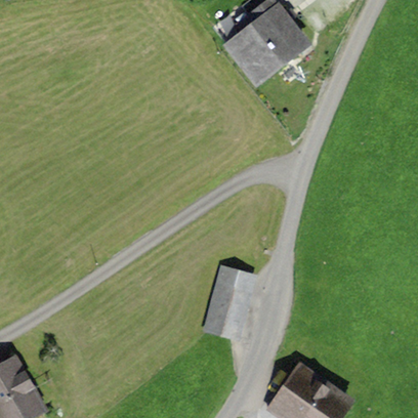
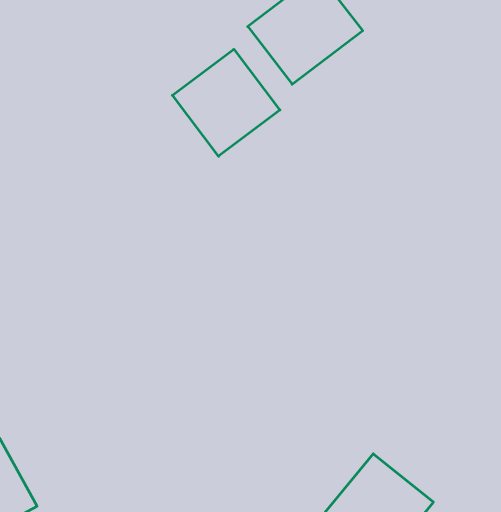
building: none -> [172,49,280,156]
building: [199,266,254,344] -> none

